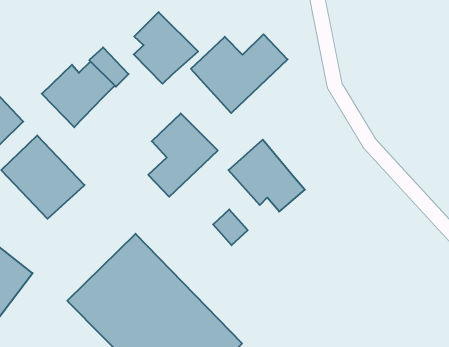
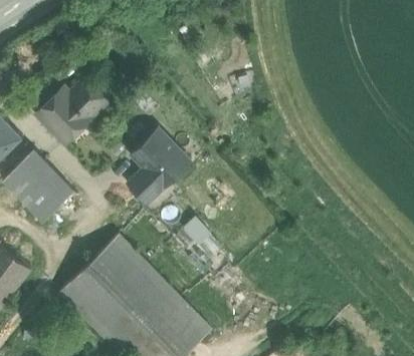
building: [134,12,198,84] -> none
building: [191,34,288,113] -> none
building: [228,140,305,212] -> none

